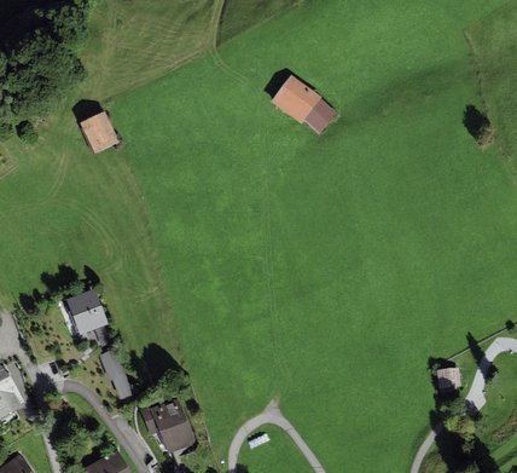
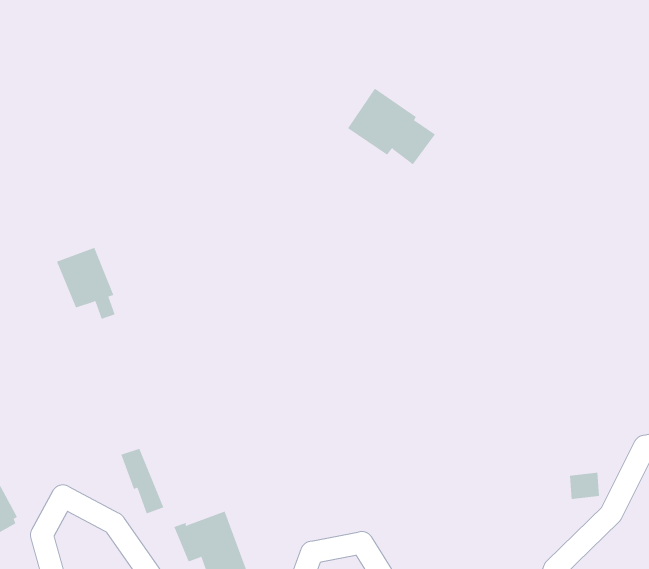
building: [81,117,118,156] -> none
building: [65,287,110,341] -> [56,247,116,319]

